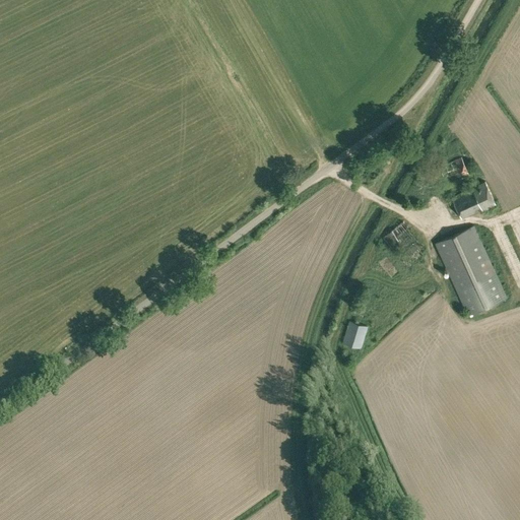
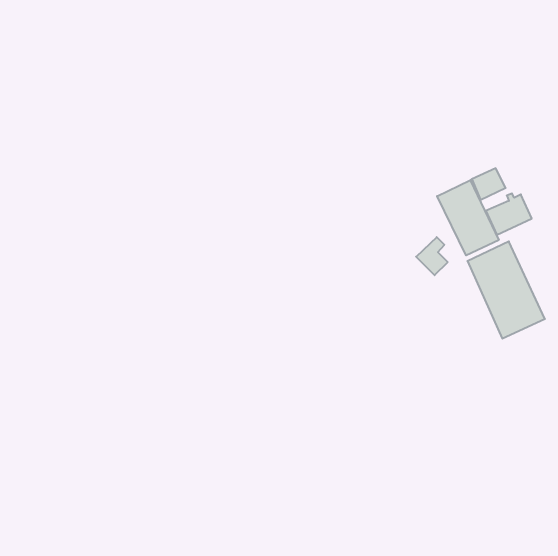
building: none -> [437,180,499,255]
building: [342,322,367,349] -> none

